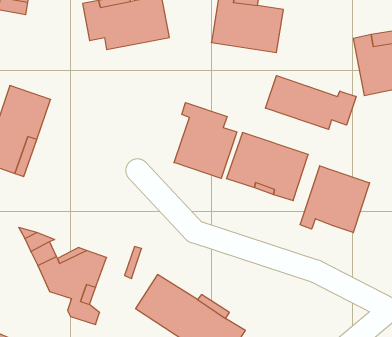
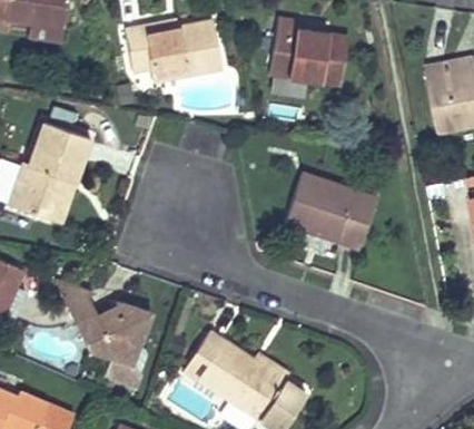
building: [265,76,356,129] -> none
building: [174,103,237,178] -> none
building: [300,166,370,233] -> none

